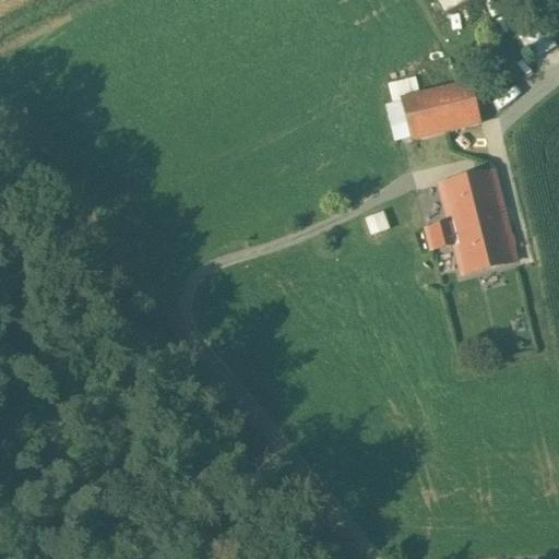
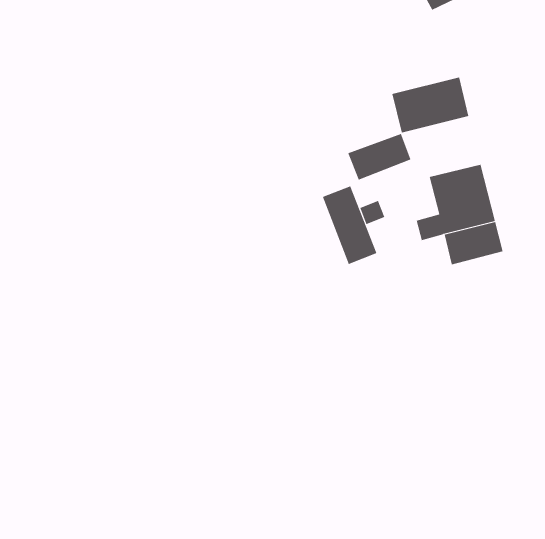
building: none -> [347,133,411,181]
building: none -> [322,185,377,265]

